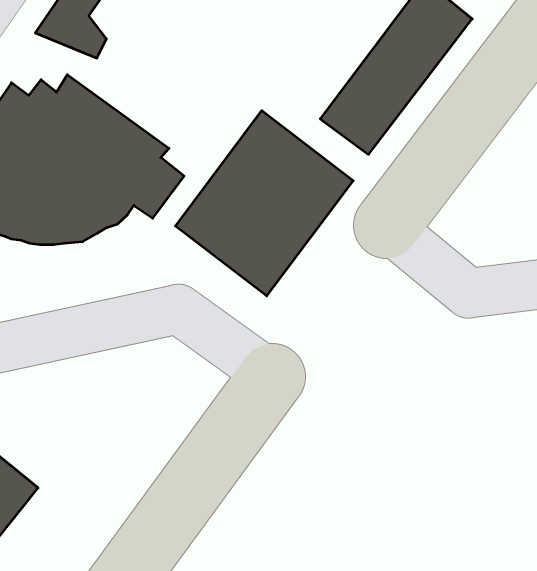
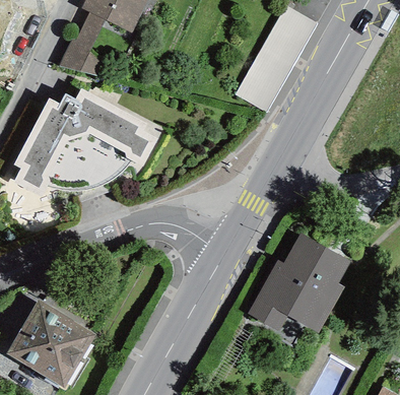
building: [175,111,353,296] -> none
building: none -> [248,233,351,332]

